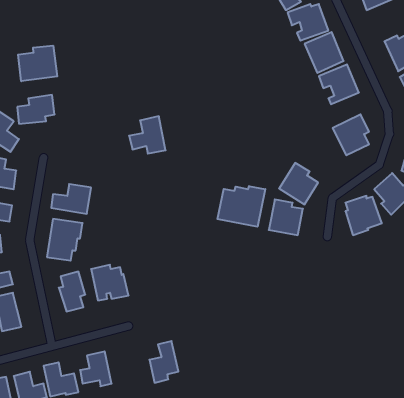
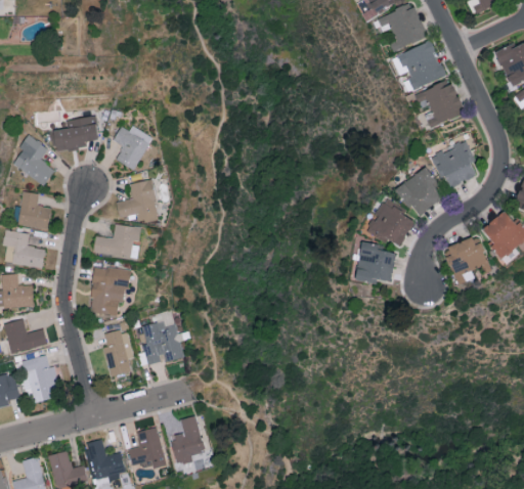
building: [18,46,57,81] -> none
building: none -> [113,126,152,171]
building: [129,116,166,154] -> [116,179,160,224]
building: none -> [396,167,442,218]
building: [217,186,265,227] -> none
building: [149,341,178,383] -> [170,414,205,464]

